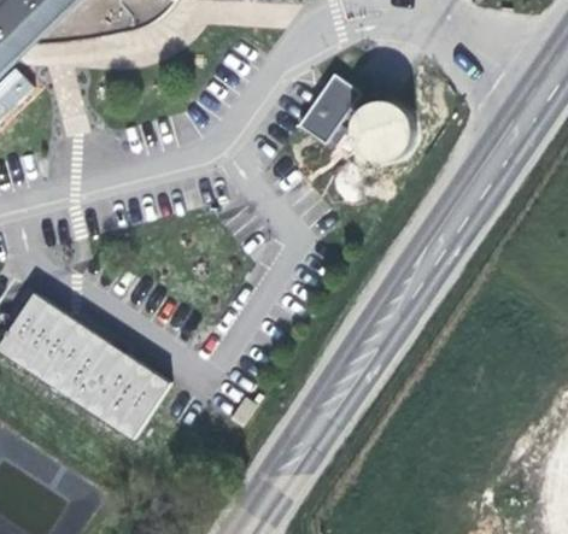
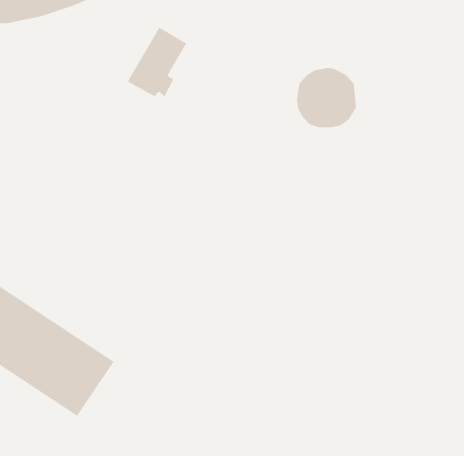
building: [300,60,362,131] -> [127,27,187,97]

